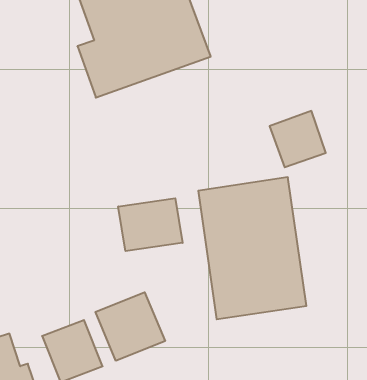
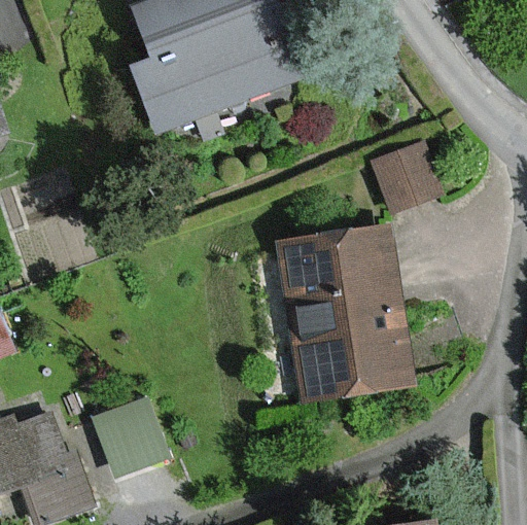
building: [118,198,183,251] -> none
building: [95,292,165,361] -> none

